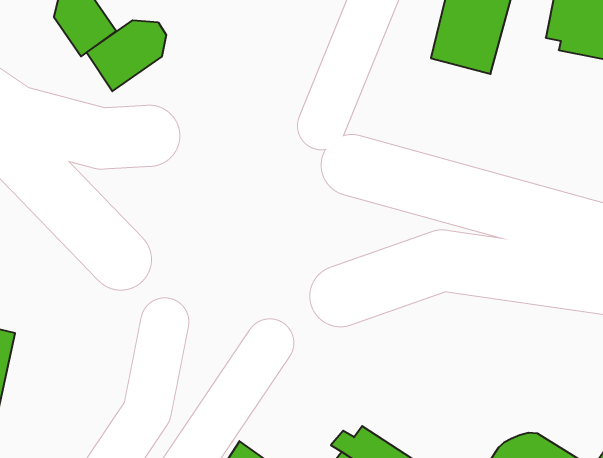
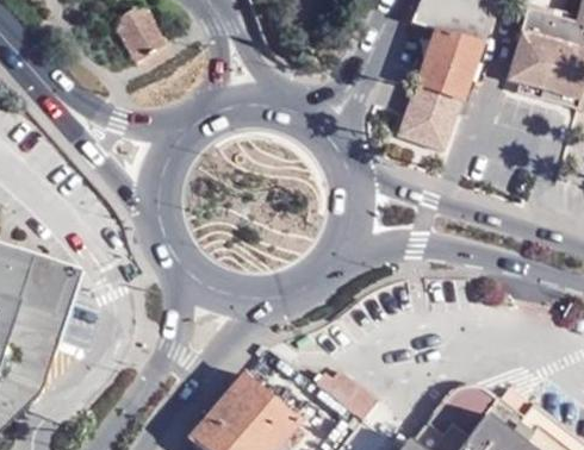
building: [87,20,166,91] -> none
building: none -> [400,86,465,154]

